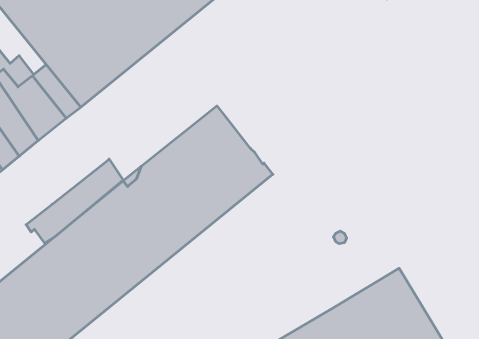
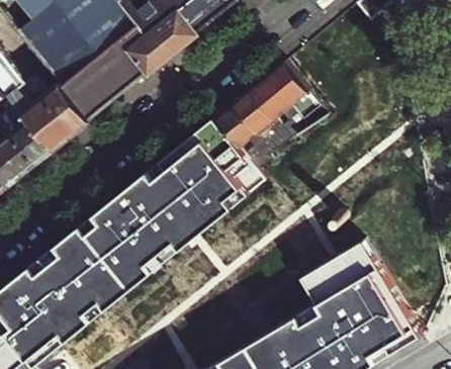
building: none -> [209,67,320,175]
building: [26,159,123,243] -> none
building: none -> [298,243,374,305]

